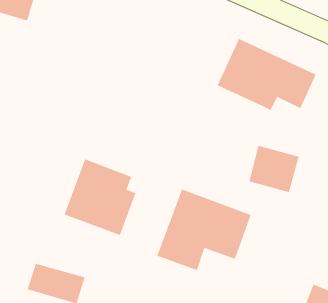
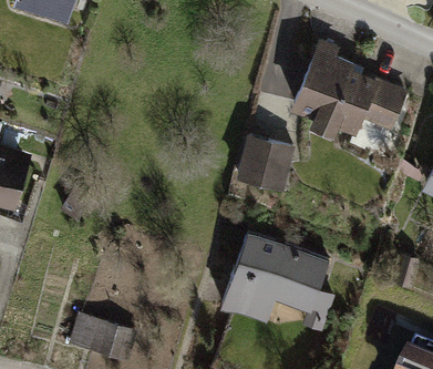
building: [248,145,300,193] -> [236,134,297,191]
building: [64,158,136,236] -> none

